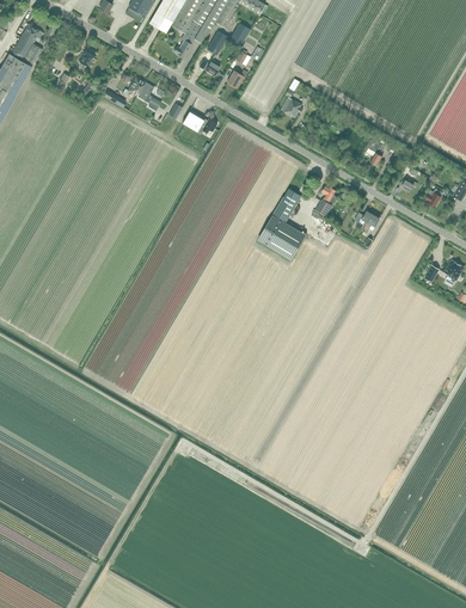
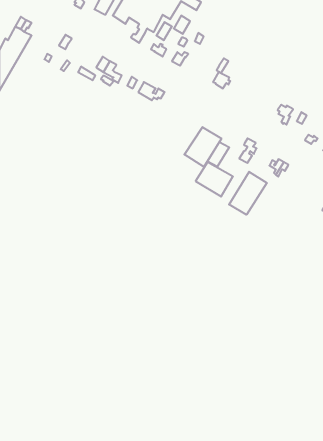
building: none -> [184,127,221,167]
building: none -> [229,172,267,215]

